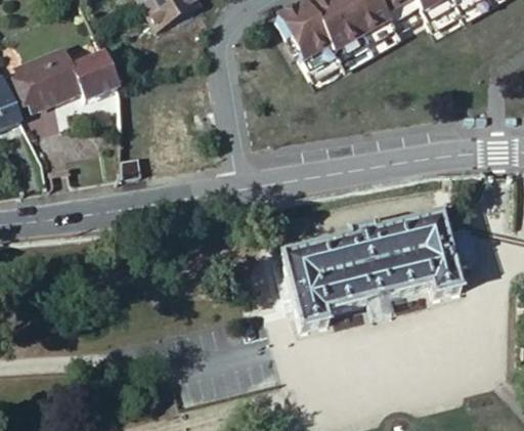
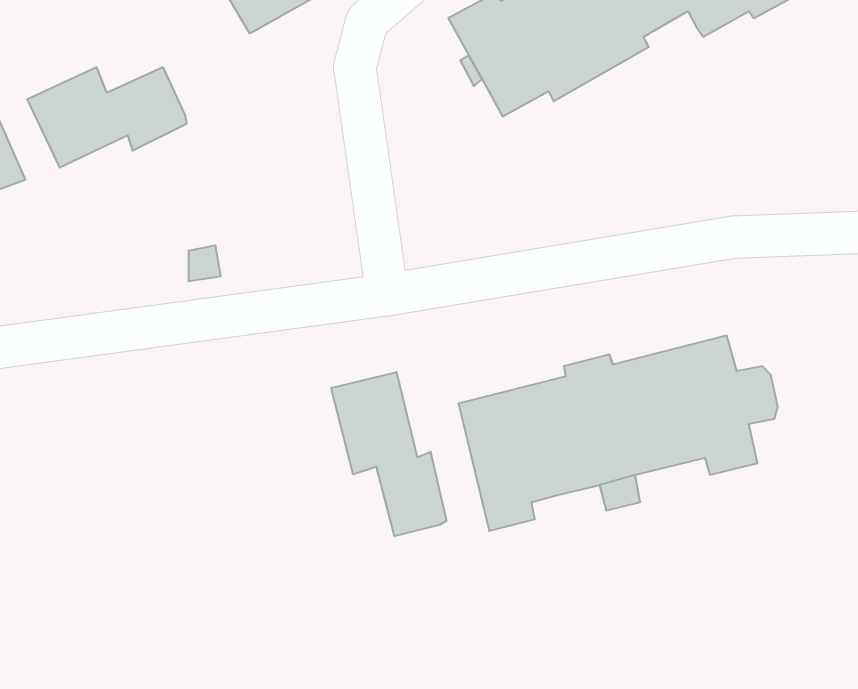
building: none -> [331,372,446,536]

